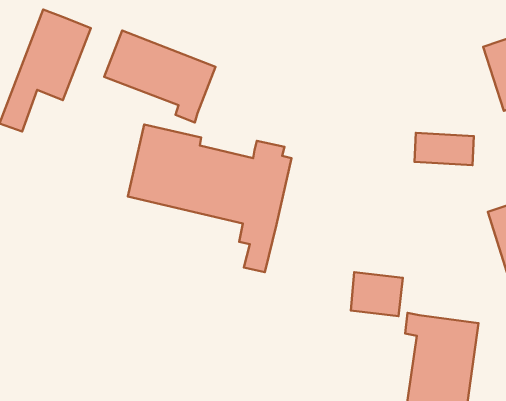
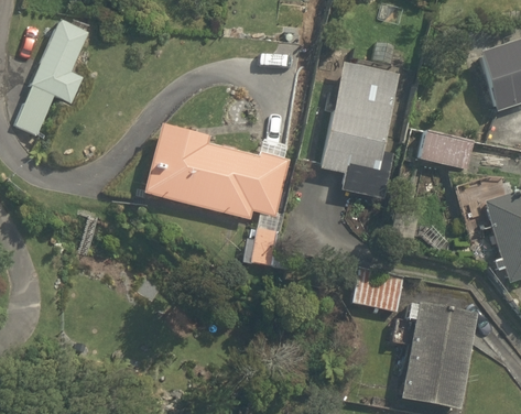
building: [104,30,216,123] -> none
building: none -> [318,58,400,204]

